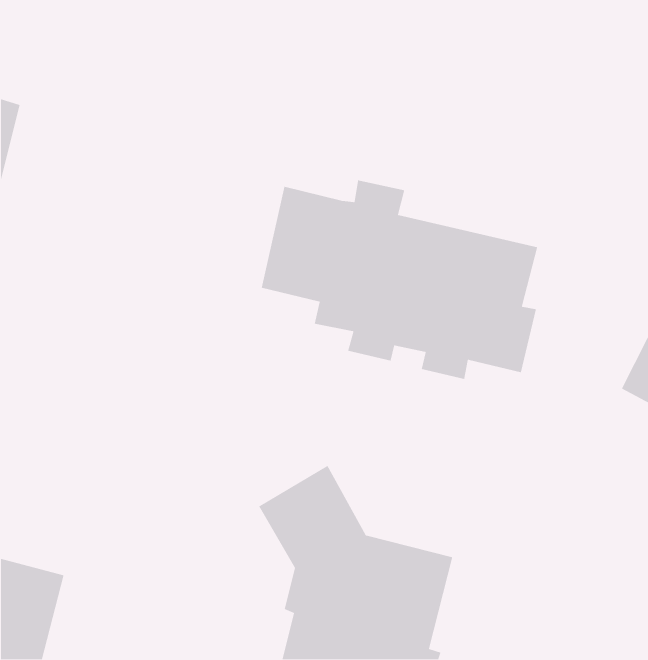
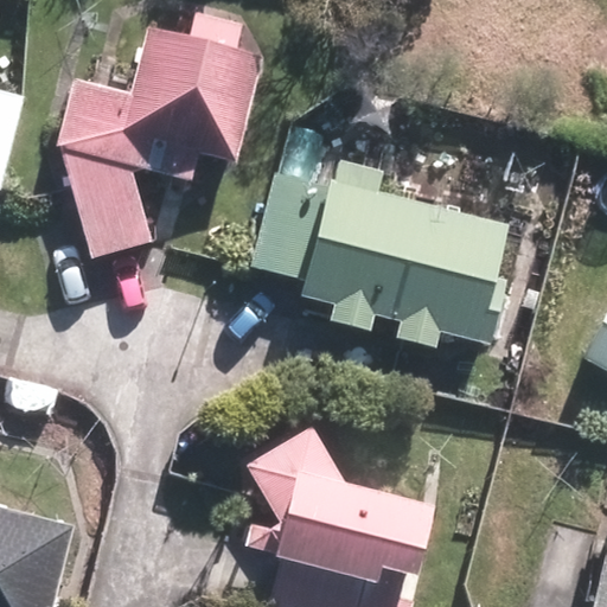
building: none -> [57,9,264,256]

